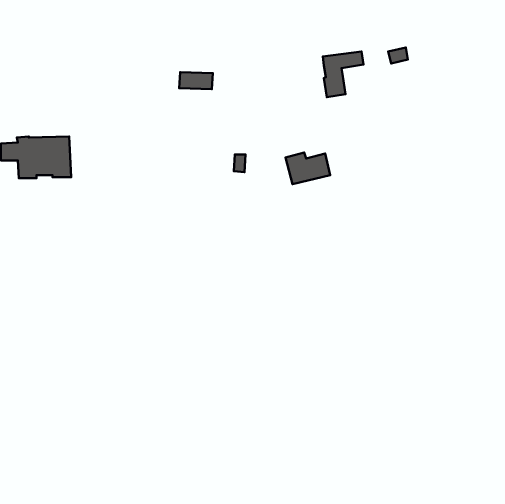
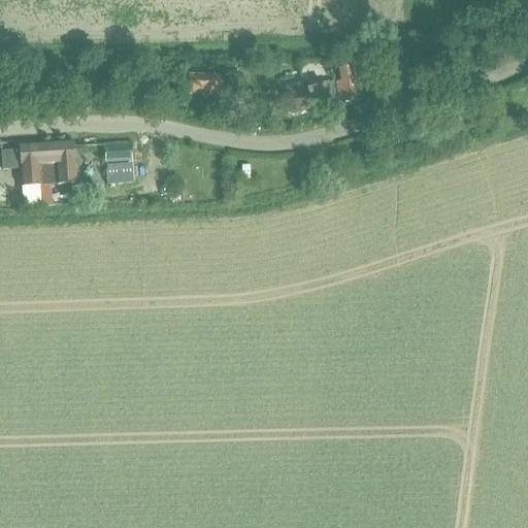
building: none -> [103,141,136,178]
building: [285,152,330,184] -> [284,78,330,111]

